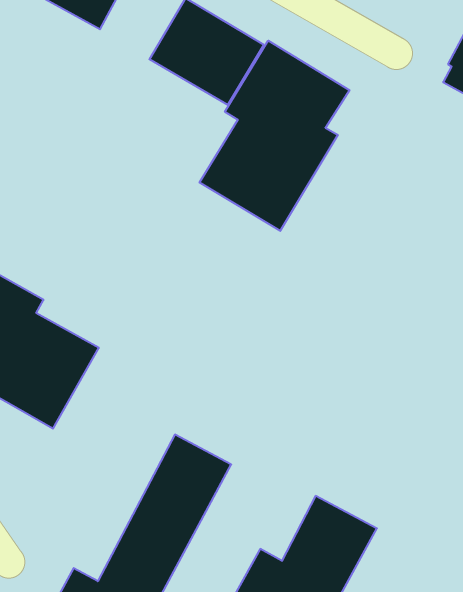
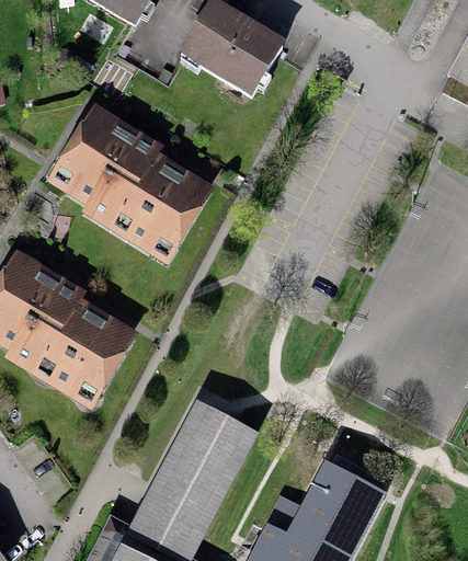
building: [200,41,349,231] -> none
building: none -> [52,108,208,264]

